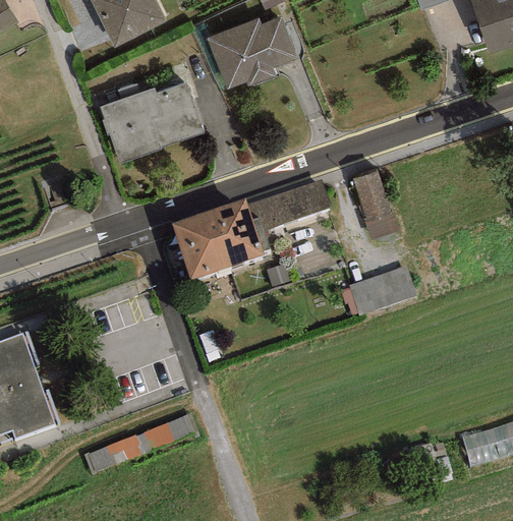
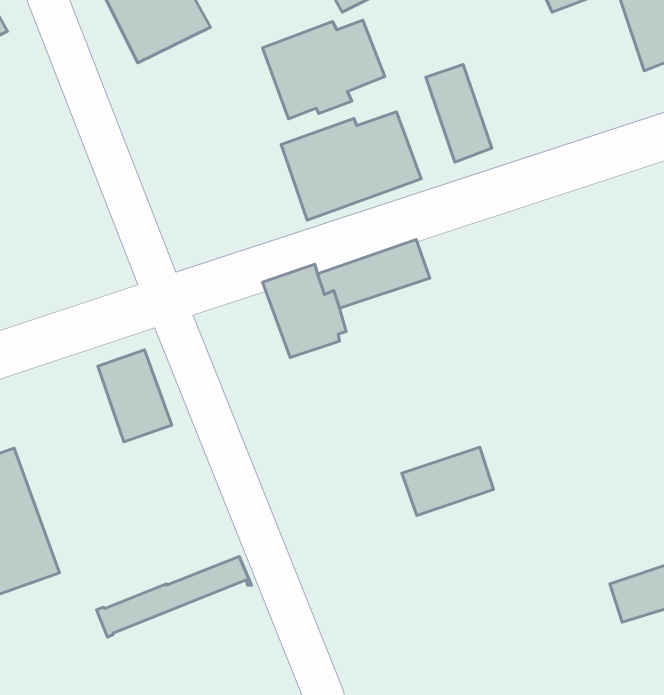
building: [100,82,204,163] -> [281,112,421,220]
building: [351,169,400,241] -> [426,65,492,162]
building: [172,211,227,279] -> [98,350,172,442]
building: [348,265,416,315] -> [402,447,494,516]

